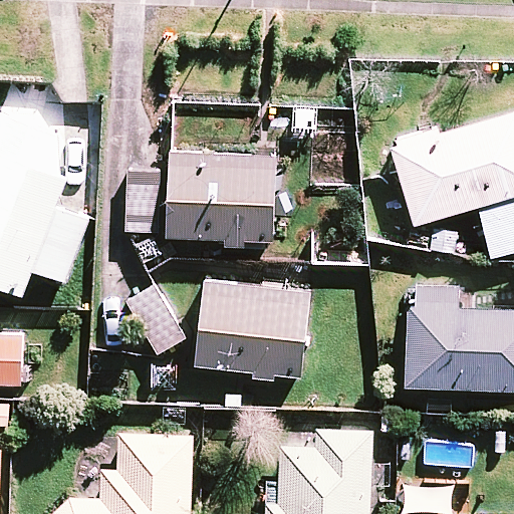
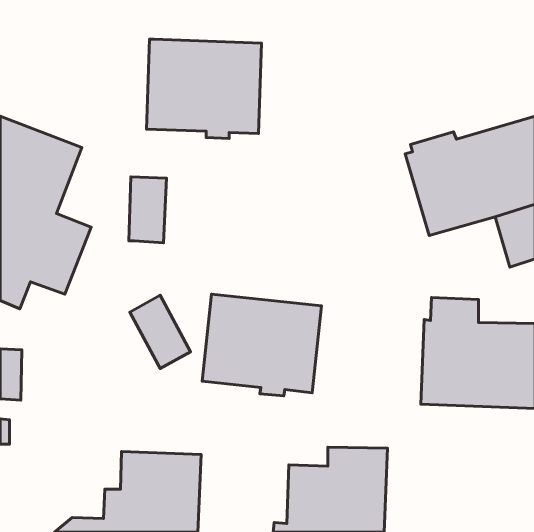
building: [165,152,275,247] -> [146,39,262,139]

